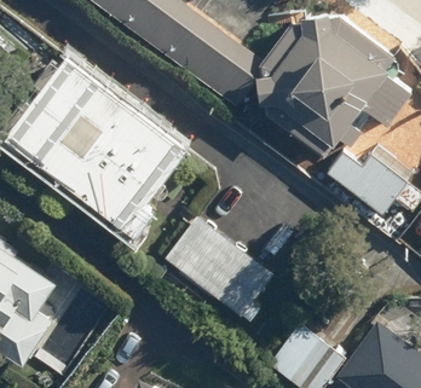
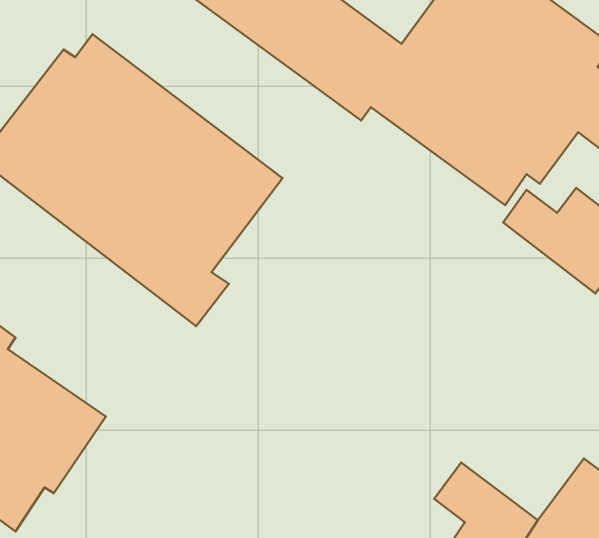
building: [165,214,273,325] -> none

